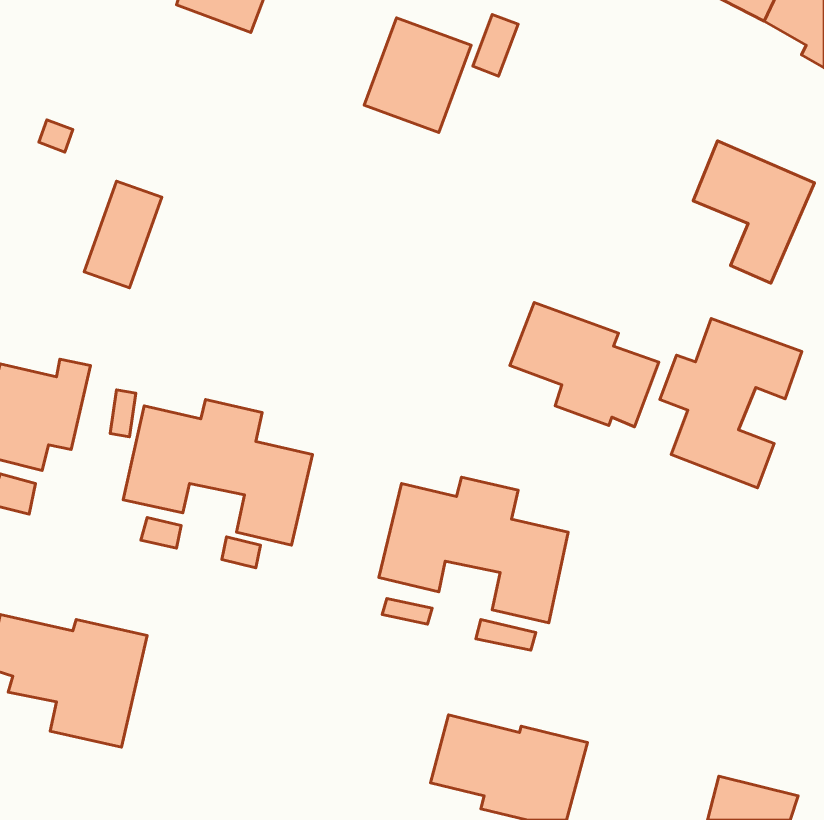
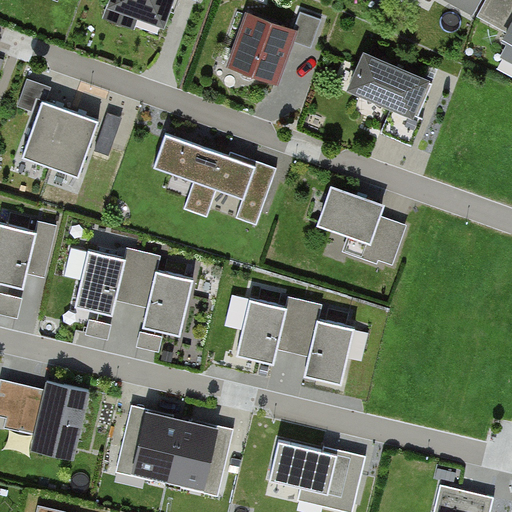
building: [693,141,815,283] -> [355,55,430,143]
building: none -> [24,103,72,168]
building: none -> [148,124,275,224]
building: [660,318,802,488] -> none
building: none -> [117,406,231,494]

